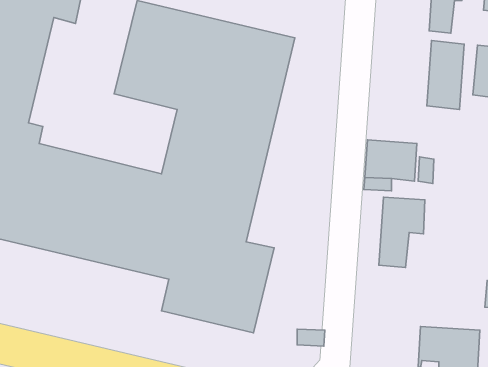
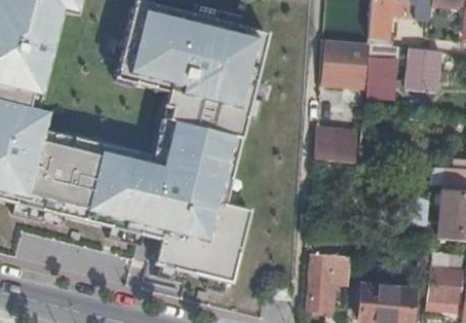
building: none -> [324,36,374,83]
building: [379,197,425,268] -> [313,248,352,308]

